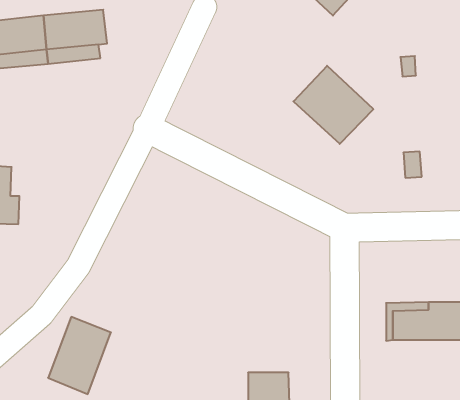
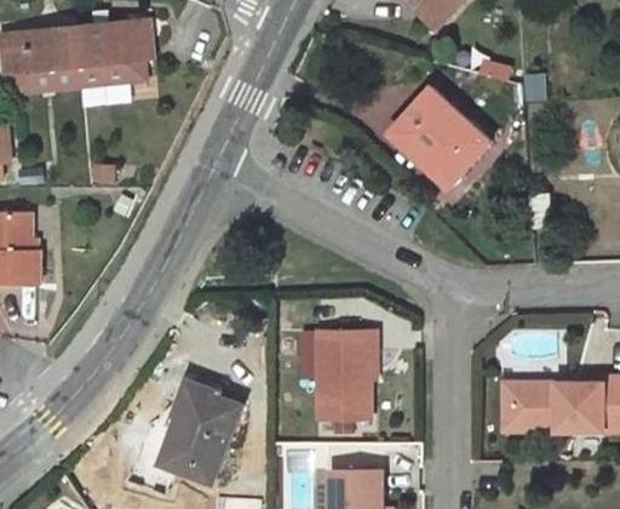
building: none -> [317,332,375,421]
building: [48,317,111,394] -> [160,383,239,480]

